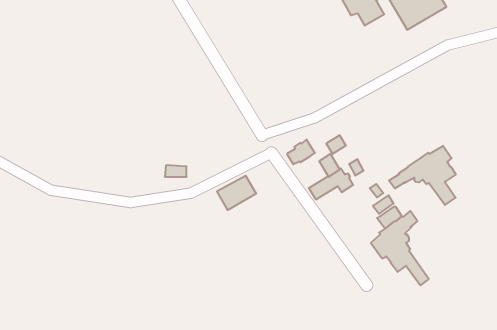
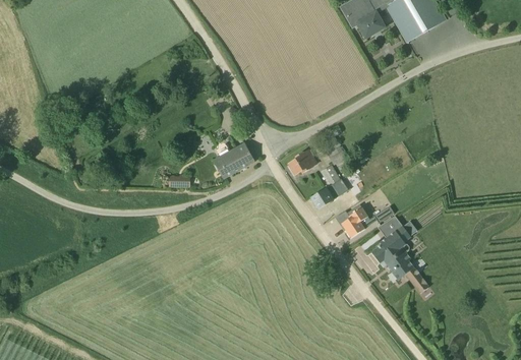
building: [389,146,456,205] -> none
building: [217,176,256,210] -> [215,143,253,177]
building: none -> [340,203,366,237]

